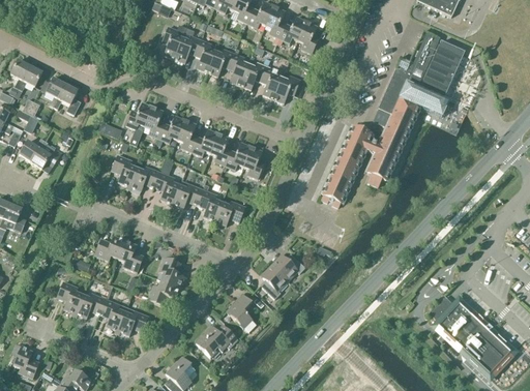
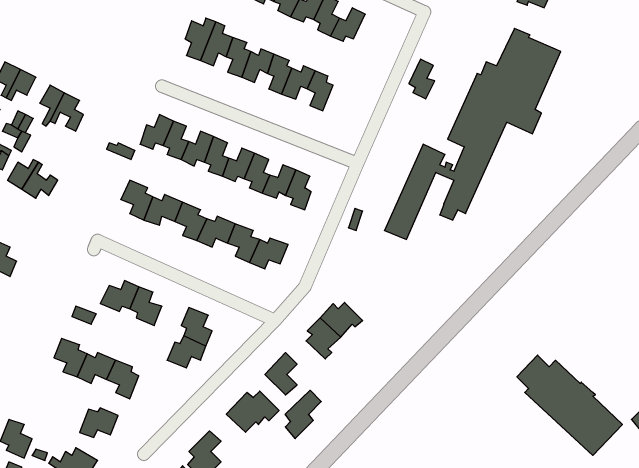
building: [298,21,319,53] -> [409,59,435,99]
building: [273,76,300,102] -> none
building: [118,310,149,334] -> [80,408,118,437]
building: none -> [285,390,321,439]

